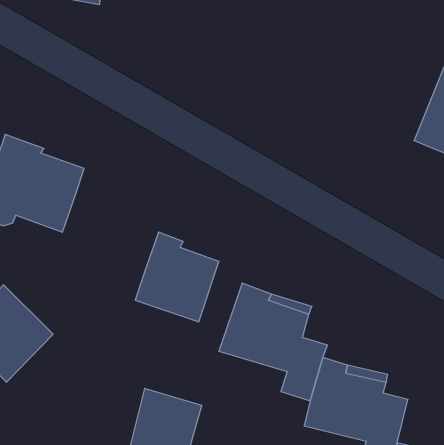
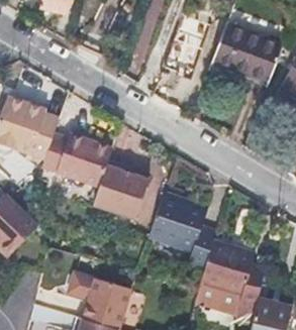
building: none -> [208,22,282,87]
building: none -> [39,133,109,186]

